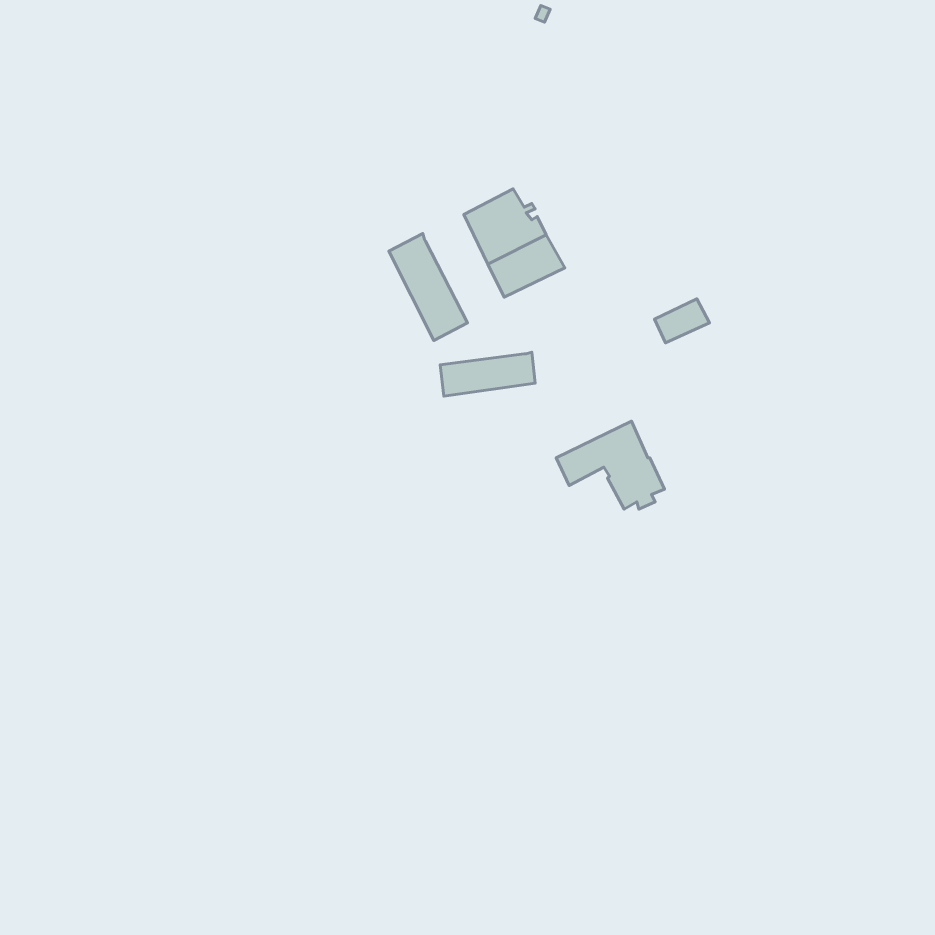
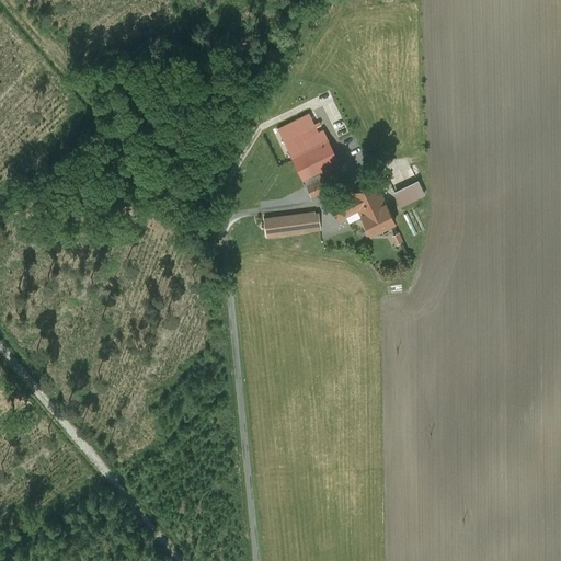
building: [389,233,468,341] -> none
building: [556,421,664,509] -> [329,182,393,234]

